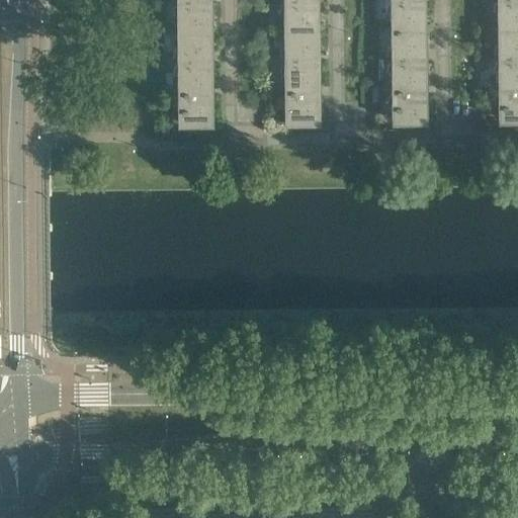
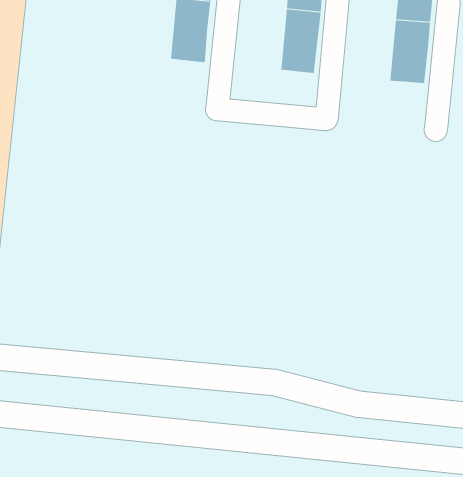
building: [392,93,426,125] -> none
building: [285,95,319,126] -> none
building: [178,96,212,128] -> none

